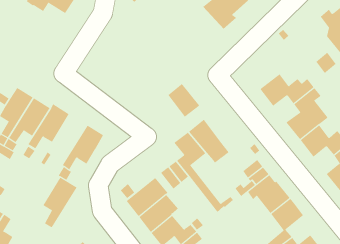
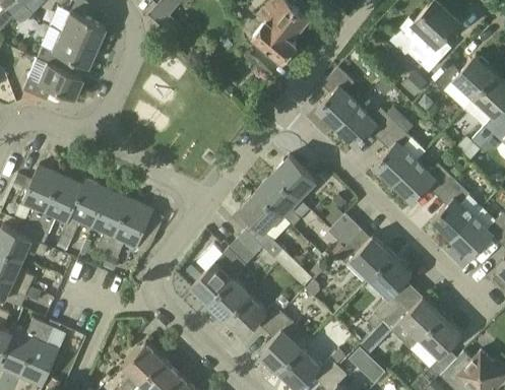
building: none -> [22,63,82,102]
building: none -> [317,67,360,128]
building: [167,83,200,117] -> [274,156,316,198]
building: [43,177,77,228] -> [92,190,132,254]

